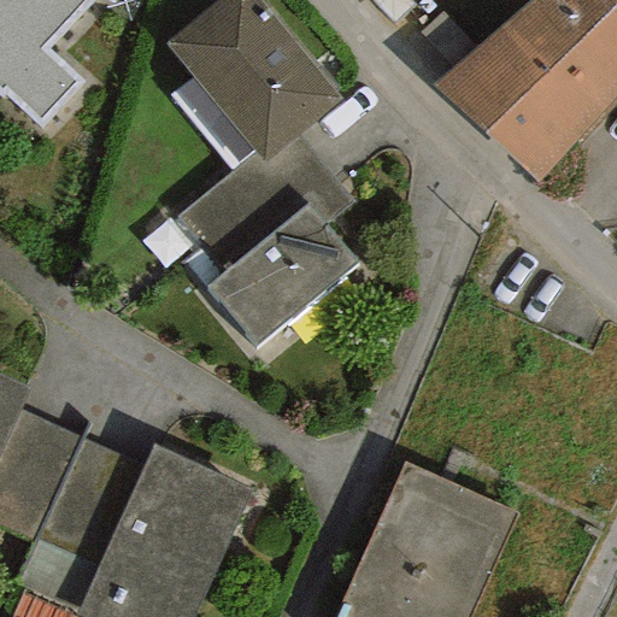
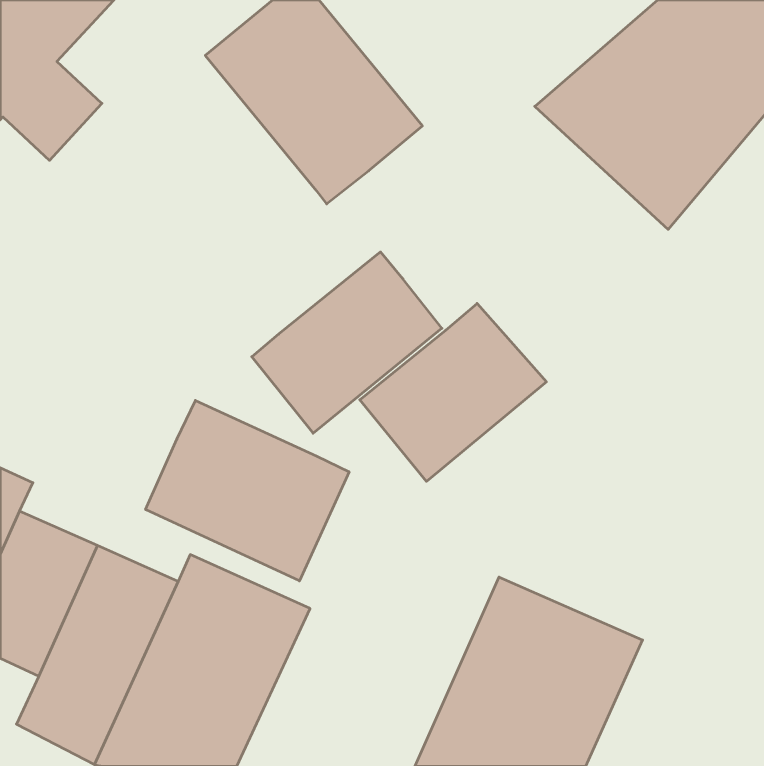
building: [177,137,352,269] -> none
building: none -> [360,303,546,481]
building: none -> [146,400,349,581]

